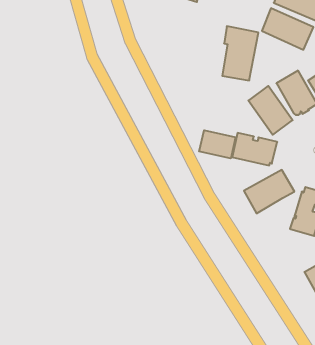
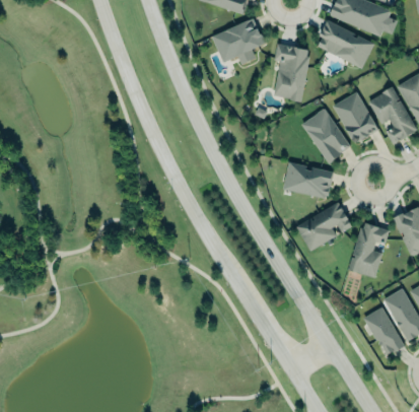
building: none -> [212,17,266,65]
building: [199,130,236,158] -> none

